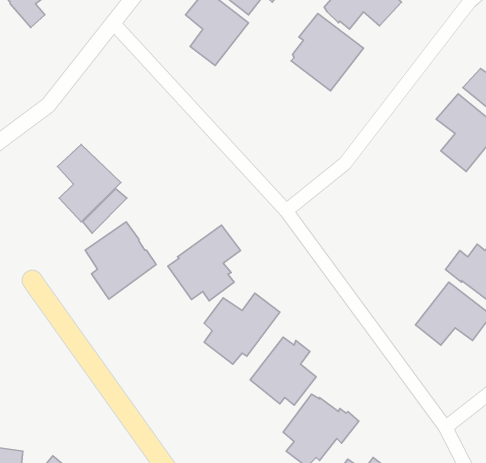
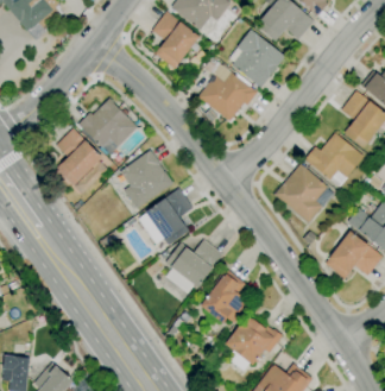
building: none -> [198,64,258,122]
building: none -> [78,99,138,147]
building: none -> [305,133,364,188]
building: none -> [274,164,334,223]
building: [85,222,156,299] -> [120,151,173,209]

